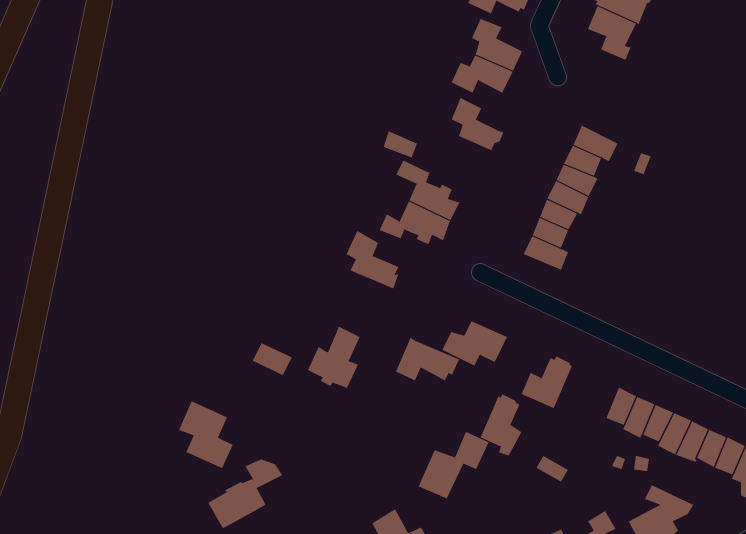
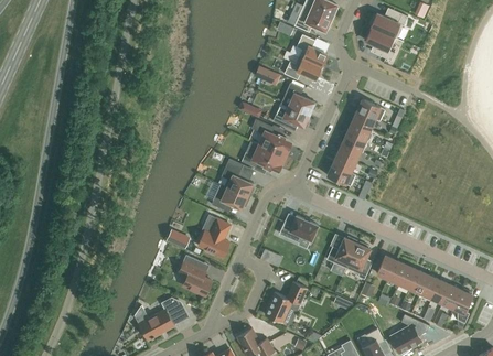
building: none -> [272,105,309,127]
building: [395,337,460,381] -> [212,183,250,209]
building: [480,393,522,456] -> [346,241,372,279]
building: [178,401,233,469] -> [179,255,212,295]

